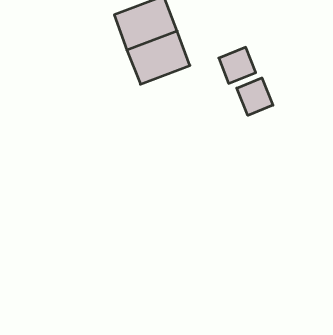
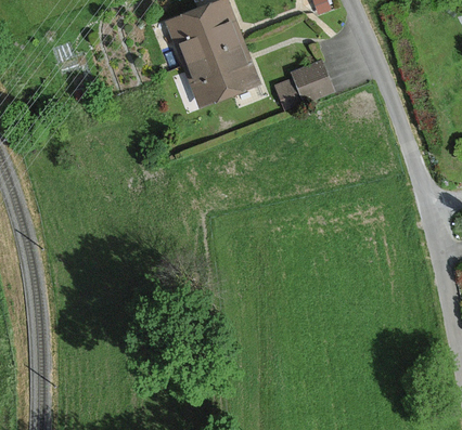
building: [237,78,273,115] -> none

